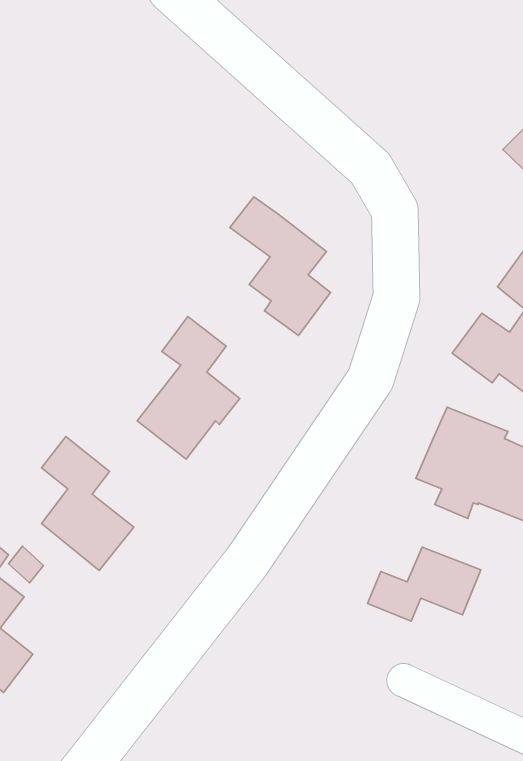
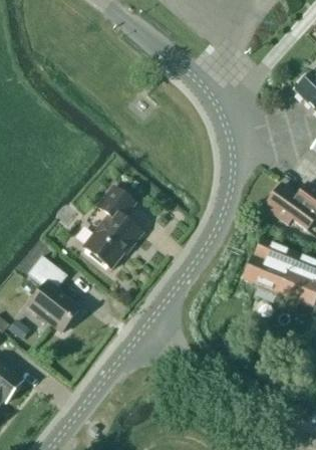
building: [230,197,330,336] -> none
building: [367,547,481,621] -> none

